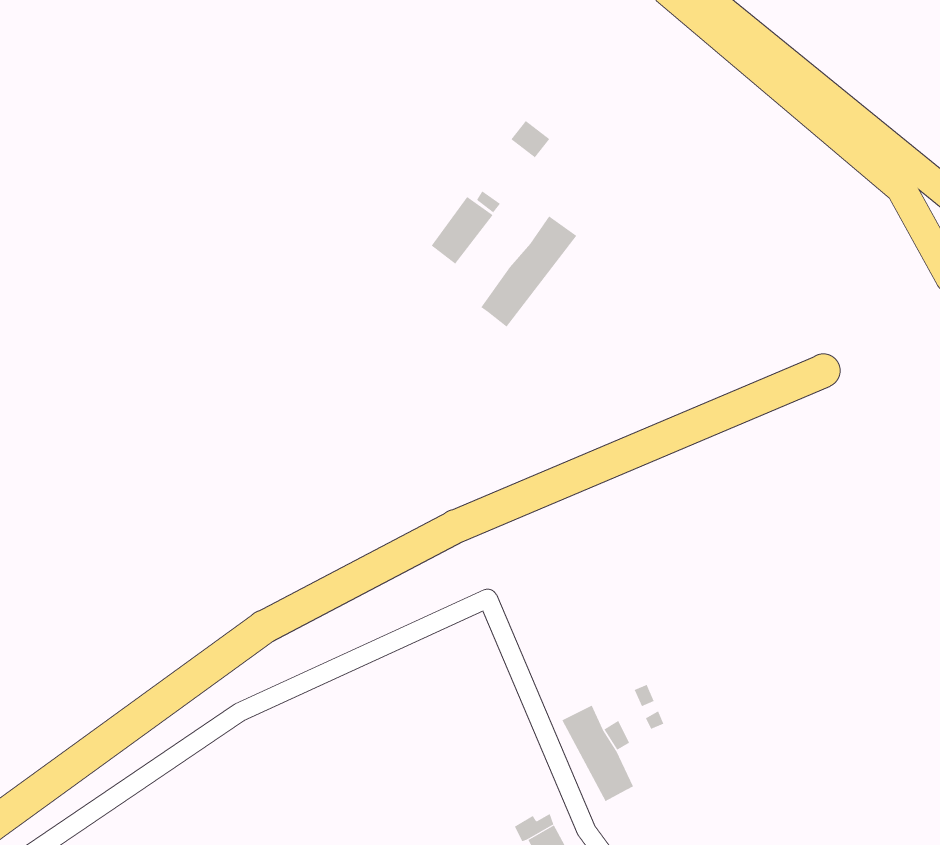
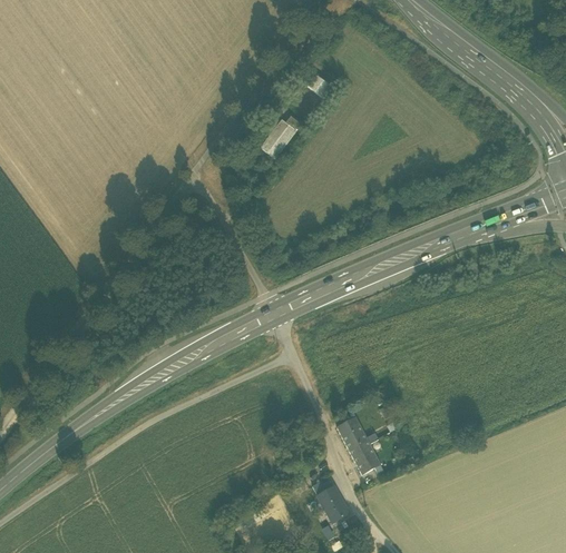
building: [481,215,577,327] -> none

